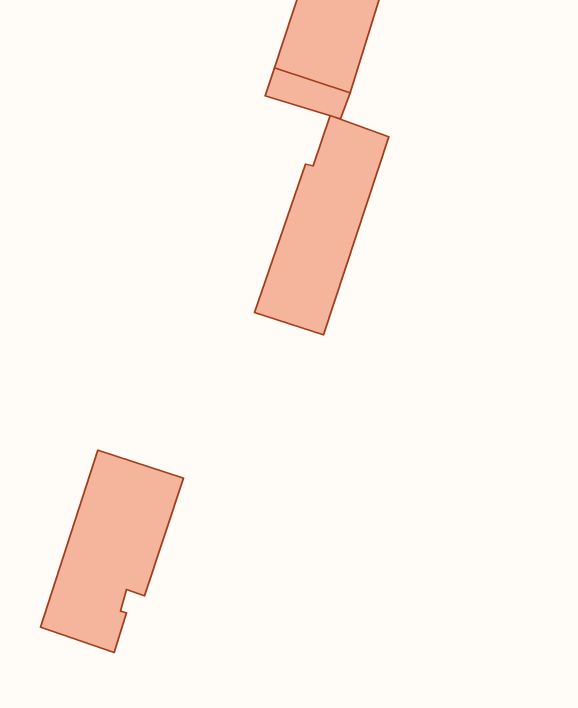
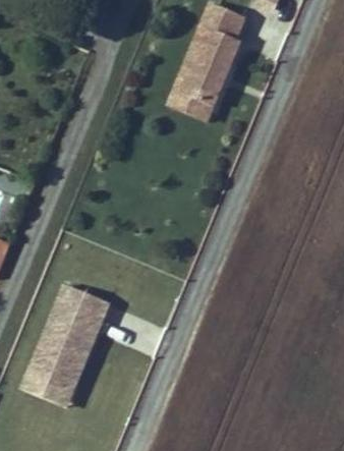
building: [254,116,389,335] -> none
building: none -> [21,358,83,405]

